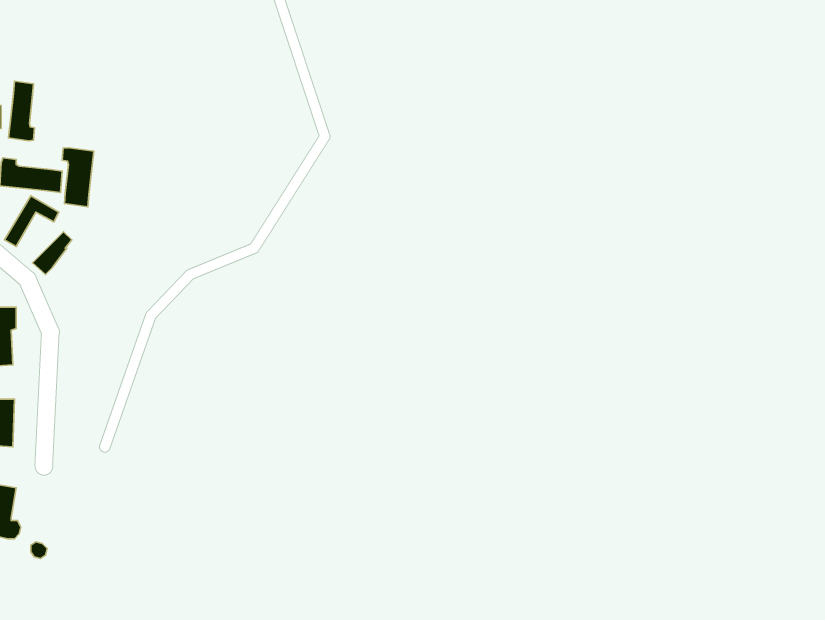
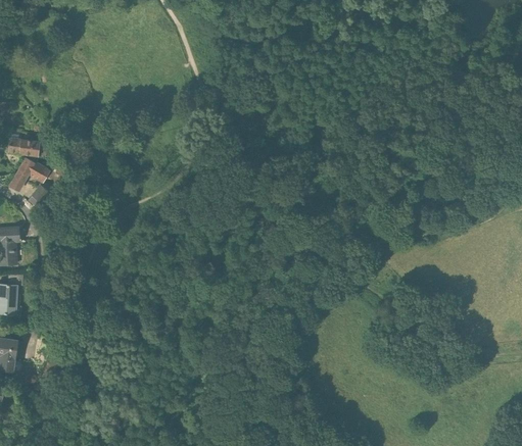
building: [8,81,34,141] -> none
building: [62,148,94,207] -> none

